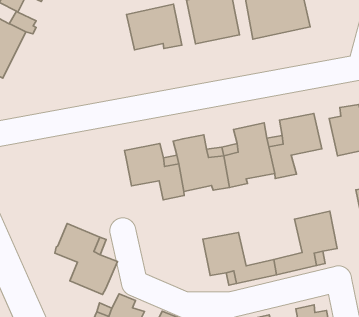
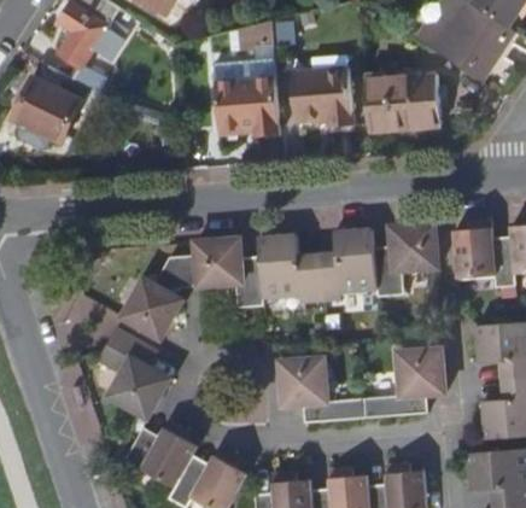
building: none -> [157,256,199,291]
building: none -> [119,278,181,339]

